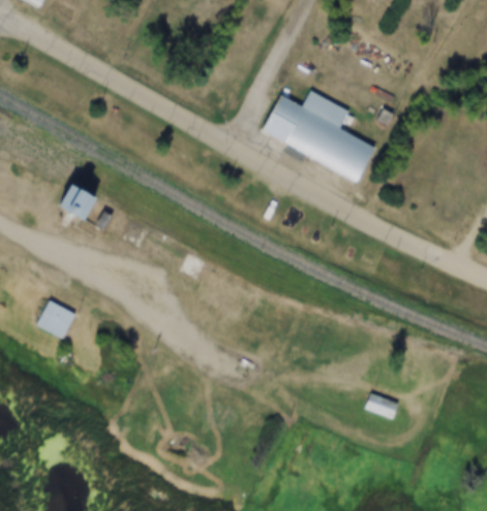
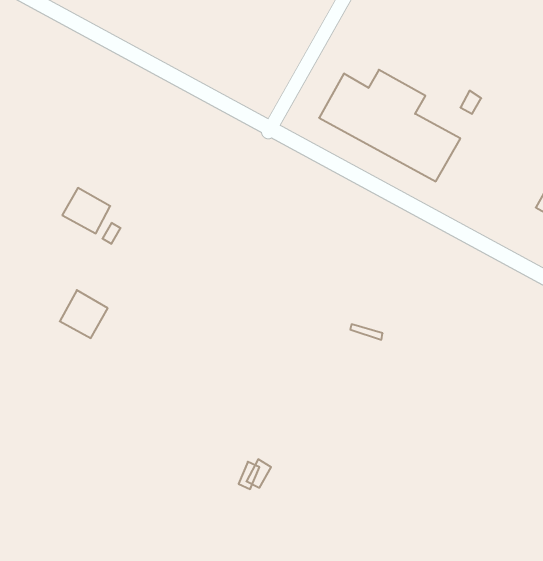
building: [37,300,75,339] -> [60,290,108,338]
building: [364,393,398,420] -> none

